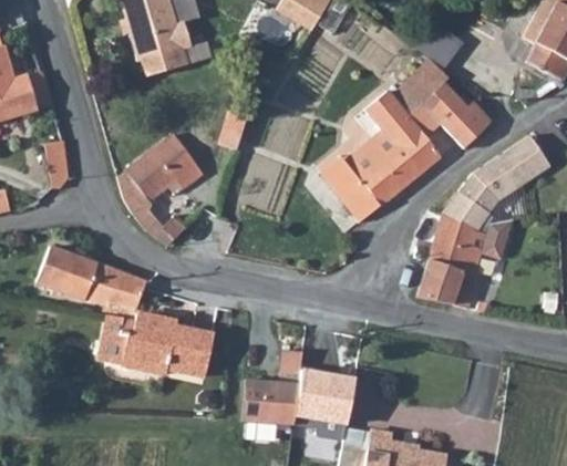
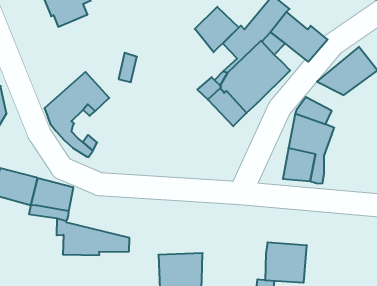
building: none -> [195,7,239,52]
building: [457,175,504,215] -> none
building: [132,318,214,354] -> none
building: [300,369,359,425] -> [265,242,307,283]

